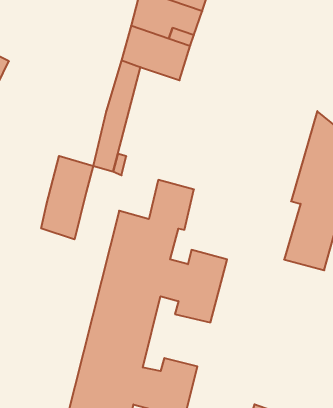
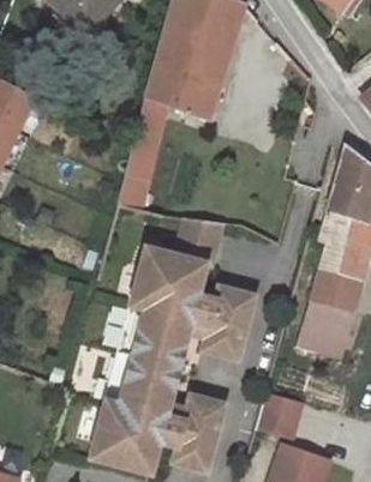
building: [41,156,93,239] -> none
building: none -> [299,299,352,354]
building: none -> [257,392,300,436]

